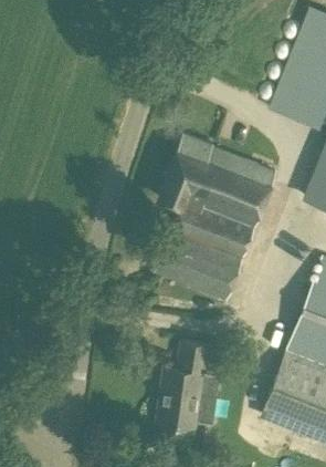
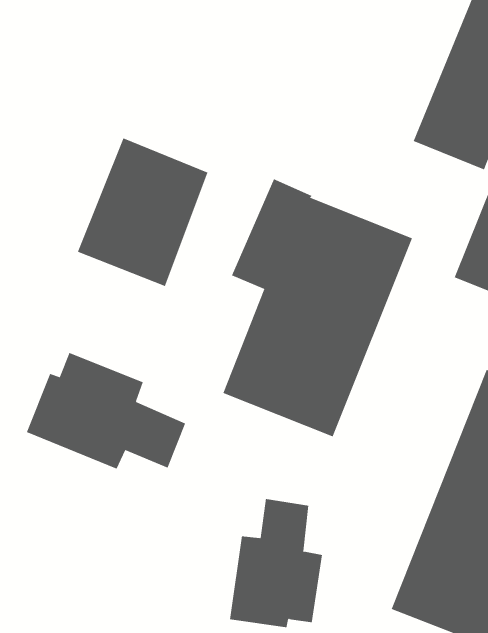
building: none -> [77,138,208,287]
building: none -> [26,352,186,469]

